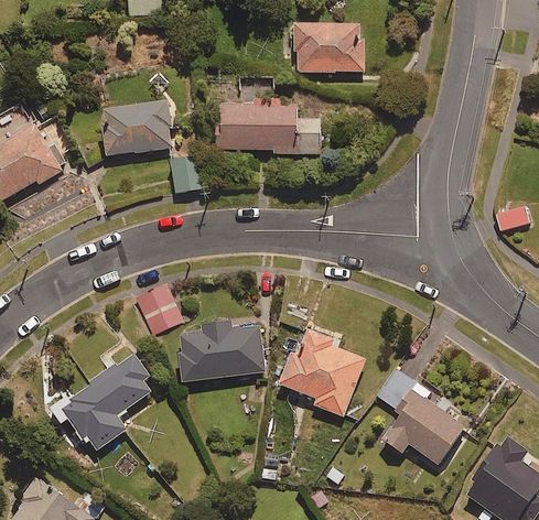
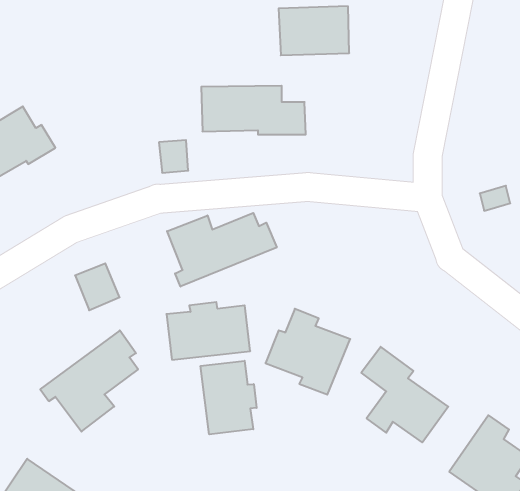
building: [103,101,172,154] -> none
building: none -> [167,213,277,287]
building: [137,285,182,333] -> [75,263,120,310]
building: none -> [201,361,257,434]

